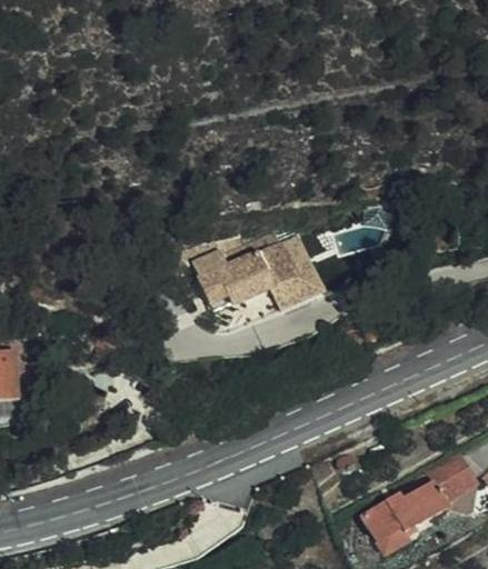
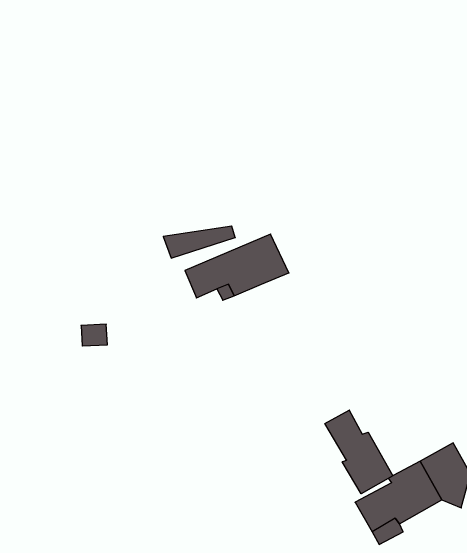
building: [275,240,323,318] -> none
building: none -> [325,410,393,494]

